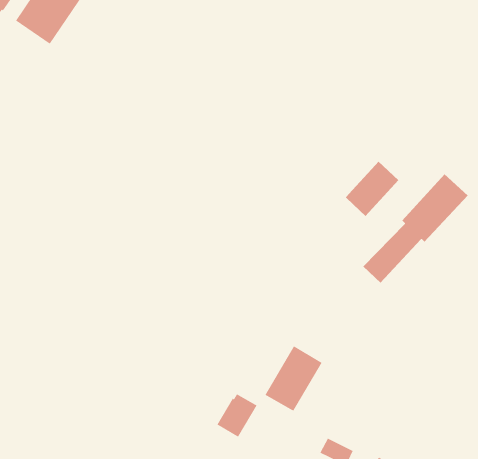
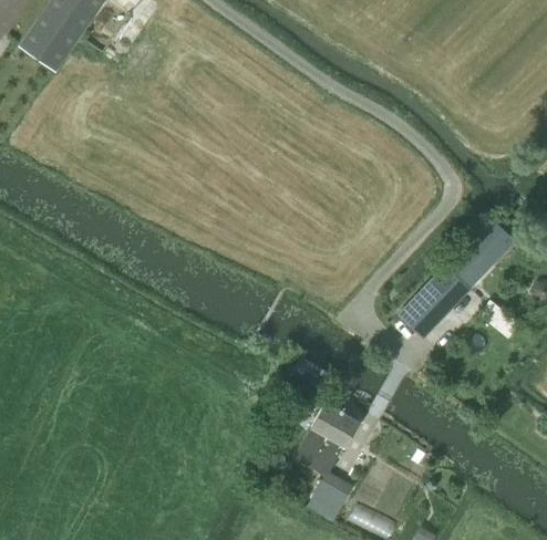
building: [345,161,399,217] -> none
building: [216,394,258,438] -> [307,471,352,520]

